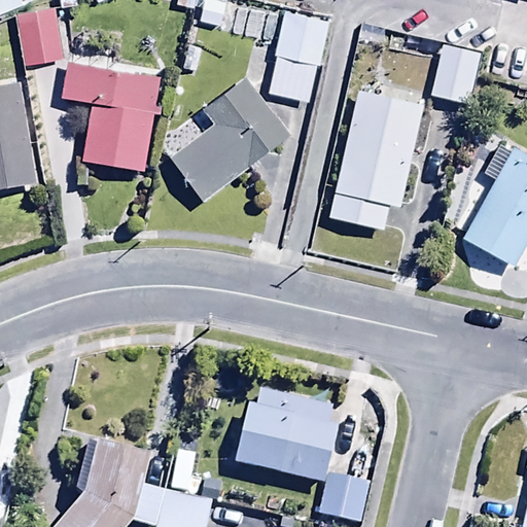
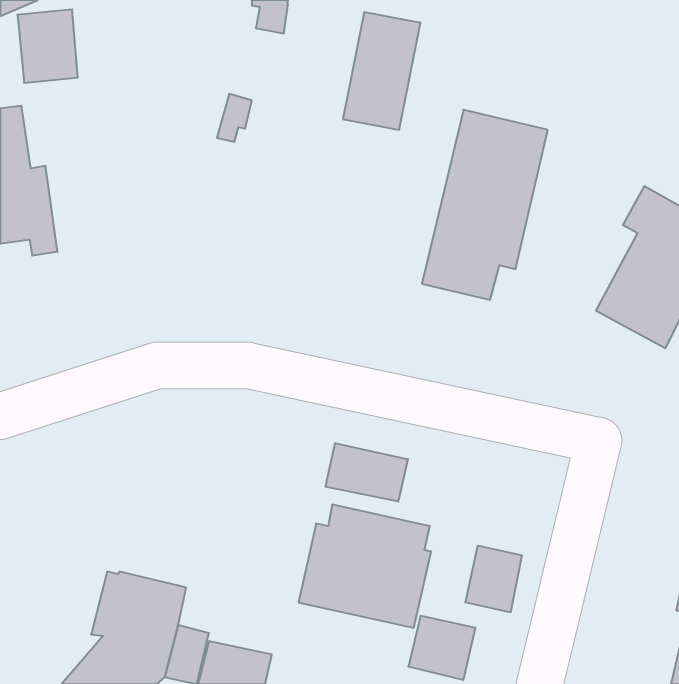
building: [431,43,481,105] -> none
building: [62,59,160,172] -> none
building: [170,75,289,203] -> none
building: none -> [326,443,408,502]
building: none -> [465,546,522,612]

